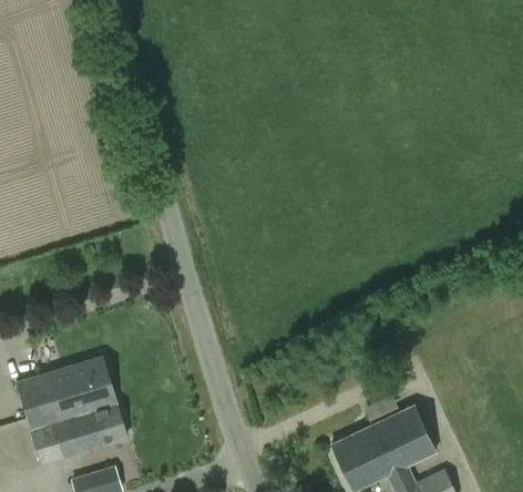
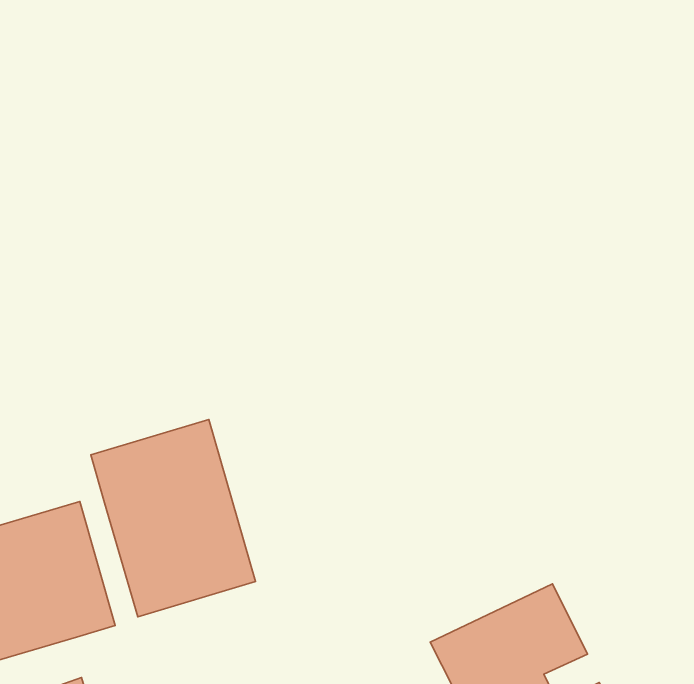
building: none -> [91,419,256,617]

